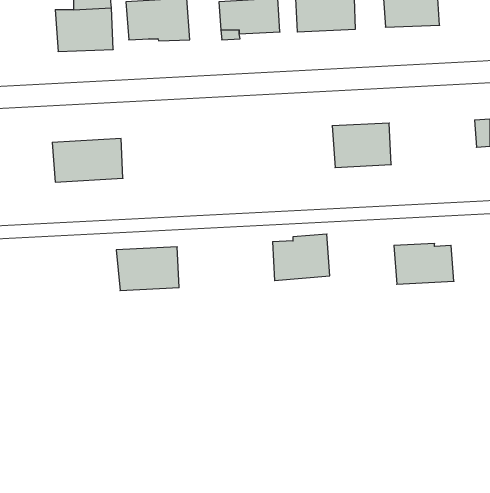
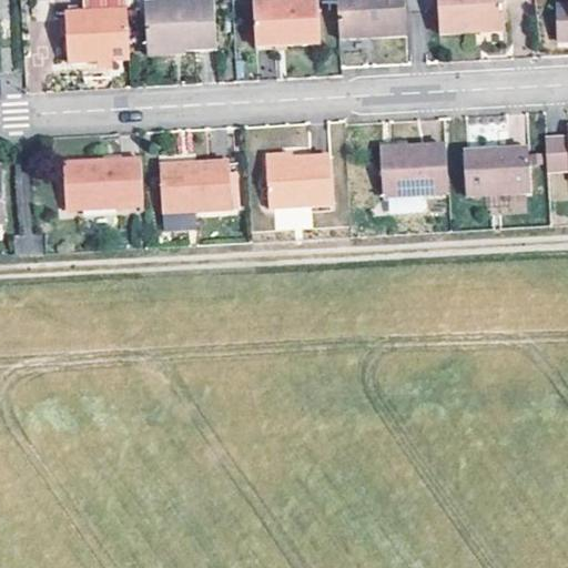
building: [273,234,330,281] -> [265,158,331,211]
building: [394,244,454,284] -> [460,150,529,196]
building: [116,247,179,291] -> [156,163,229,213]

